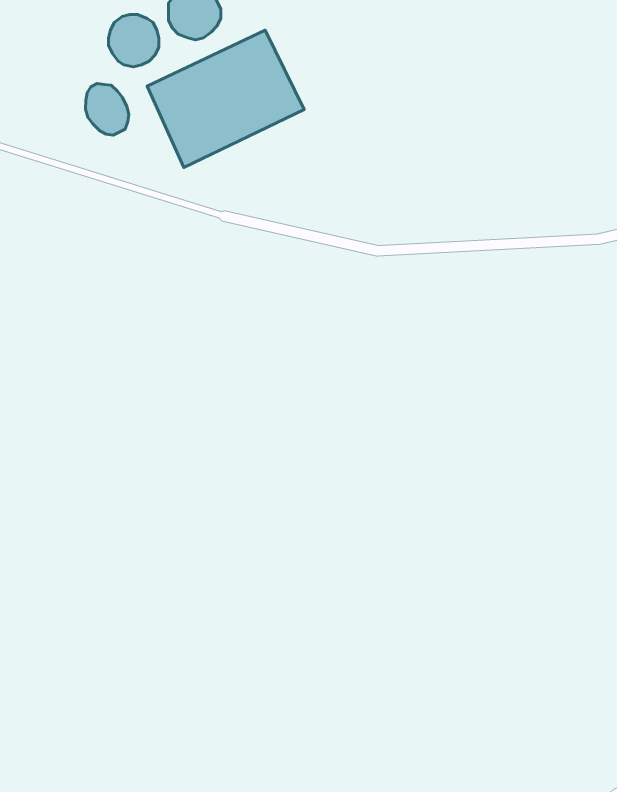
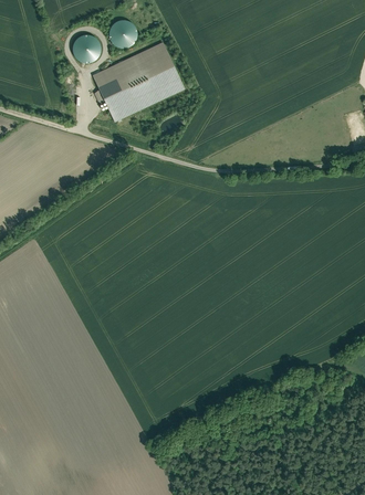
building: [86,83,129,135] -> none

